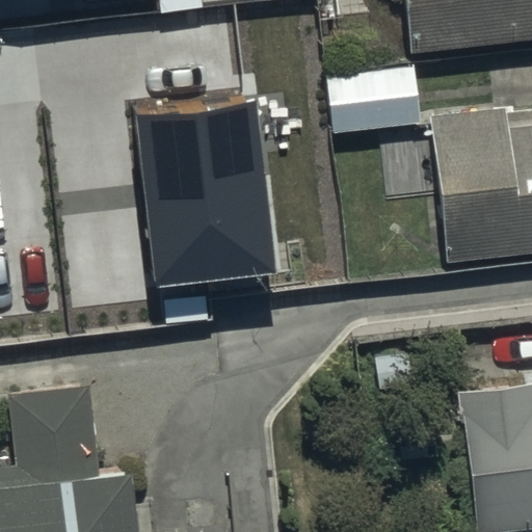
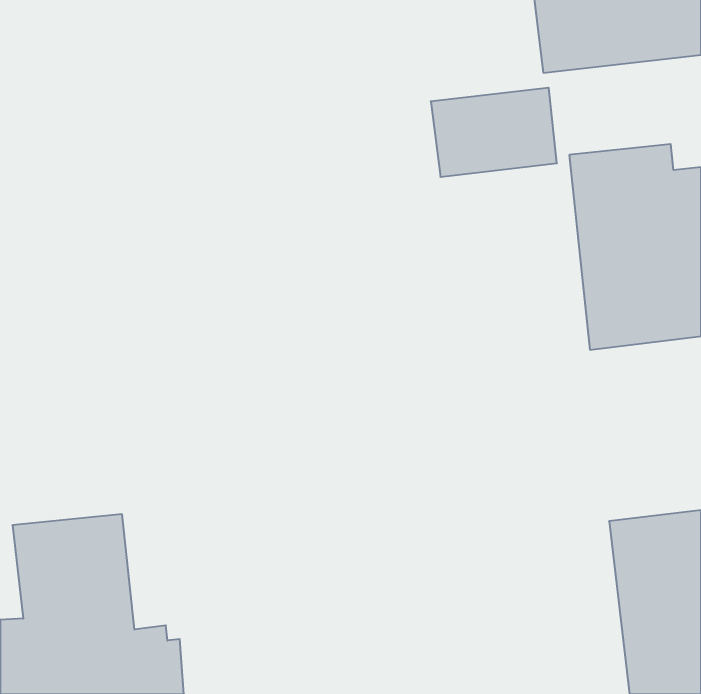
building: [137,90,278,287] -> none

